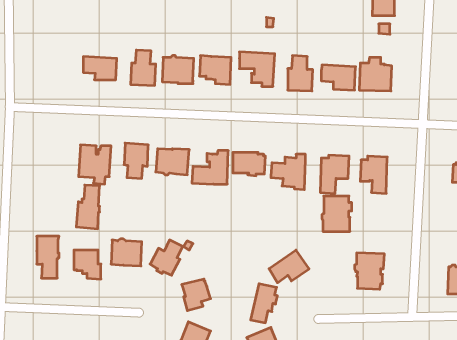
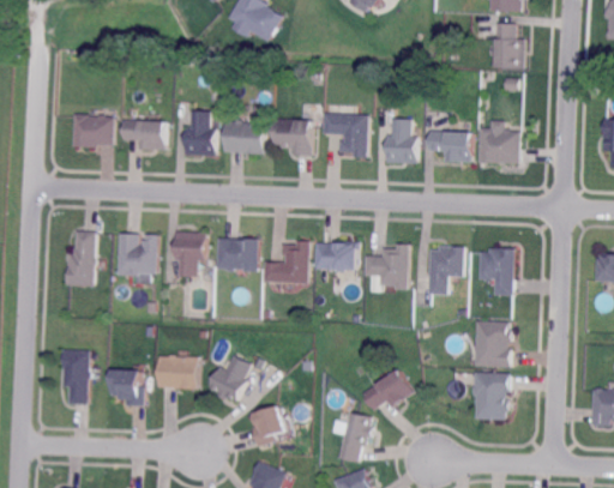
building: none -> [71,113,113,146]
building: [76,185,100,229] -> [65,230,95,287]
building: [322,196,352,231] -> [472,320,511,366]

